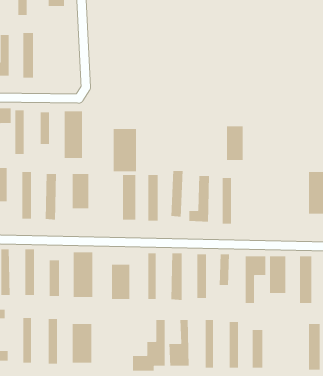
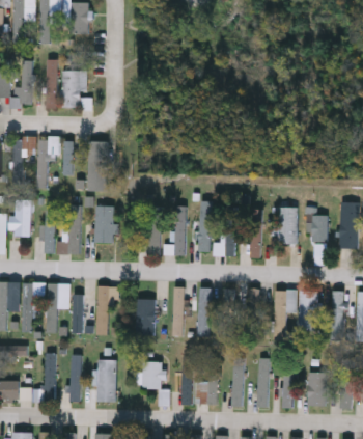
building: none -> [61,71,92,109]
building: [226,126,243,161] -> [279,208,297,244]
building: [113,128,137,172] -> none
building: none -> [311,216,327,242]
building: none -> [142,361,163,389]
building: none -> [308,373,328,406]

